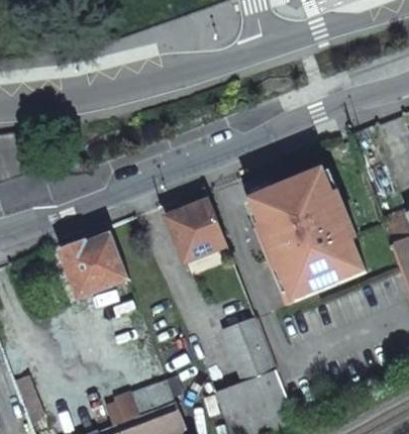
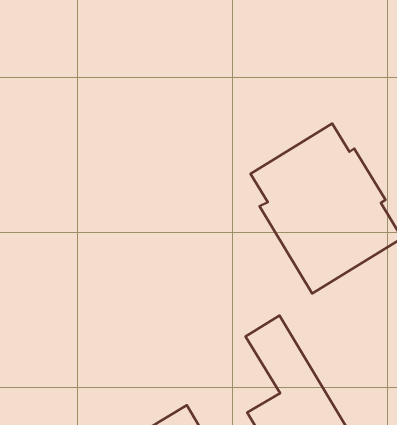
building: [164,189,226,260] -> none
building: [61,225,128,297] -> none

